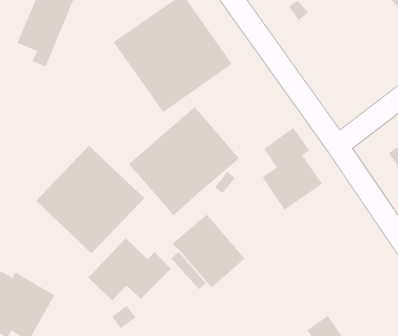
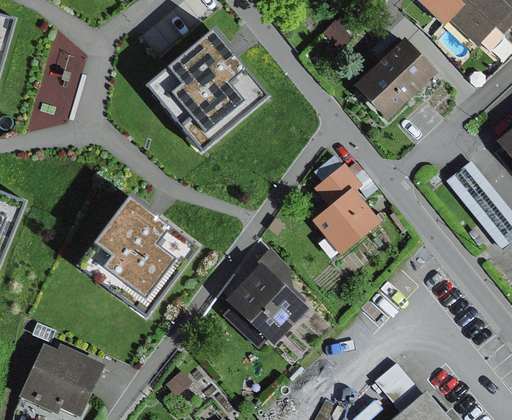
building: none -> [352,36,436,119]
building: [128,106,240,216] -> none
building: [88,238,171,301] -> none

